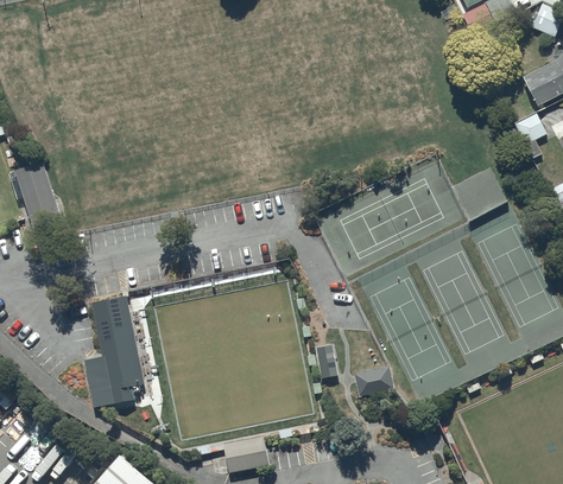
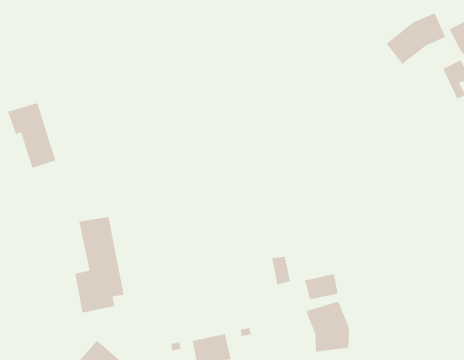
building: none -> [386,13,446,65]
building: none -> [306,301,349,353]

